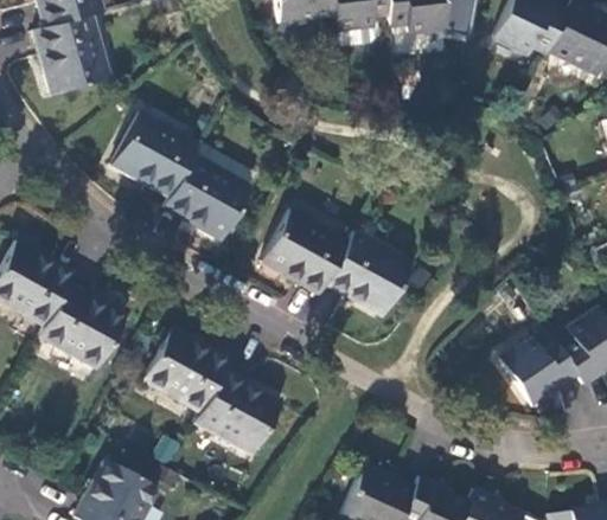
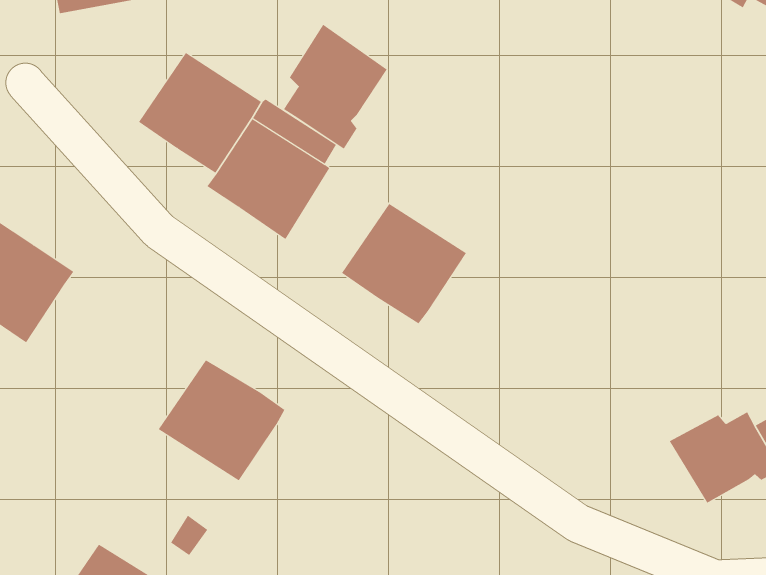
building: none -> [283,24,387,149]
building: [324,232,409,316] -> none
building: [40,284,124,367] -> none
building: [194,371,280,455] -> none

